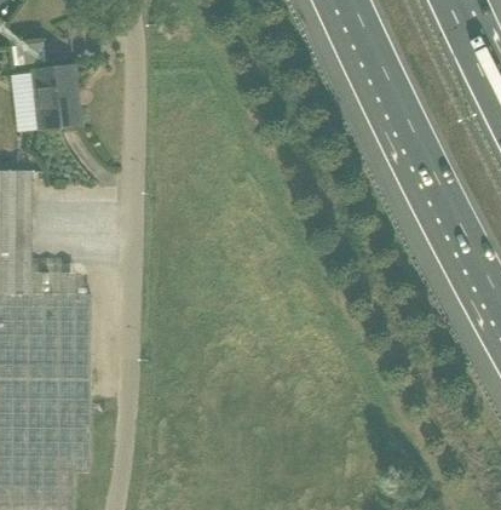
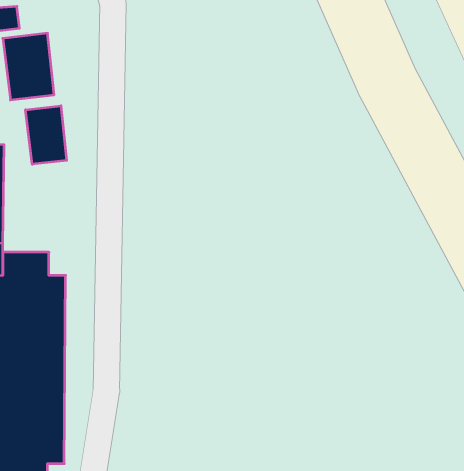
building: none -> [26,106,67,164]

